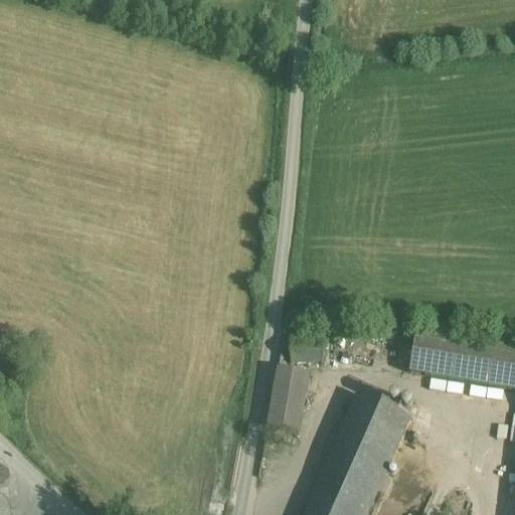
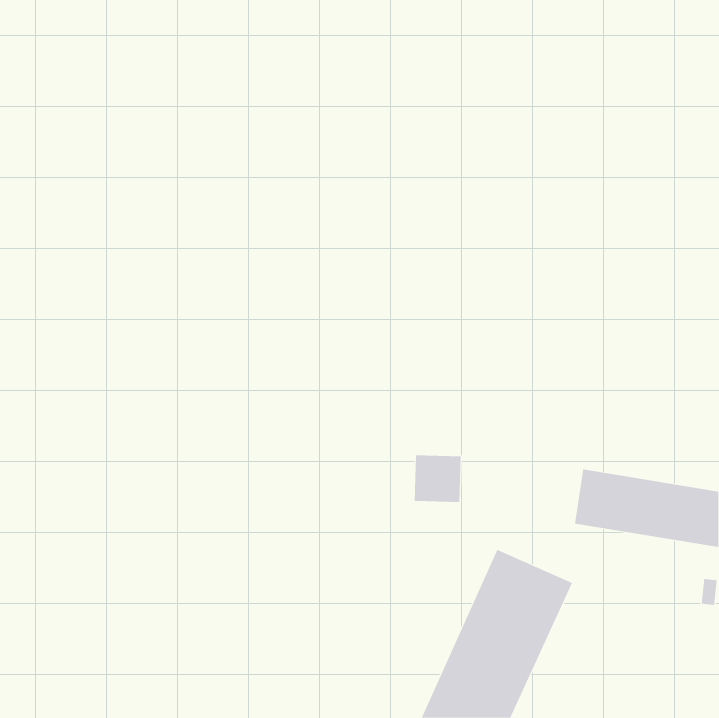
building: [274,366,315,430] -> none

